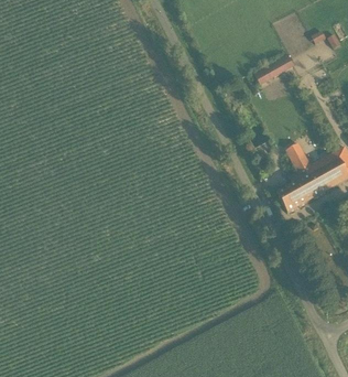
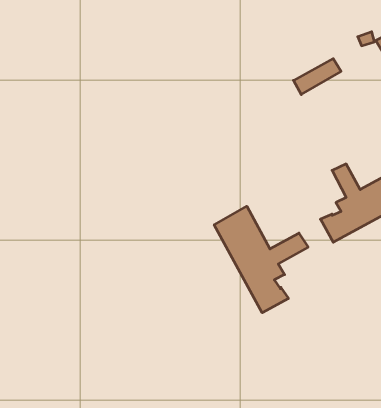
building: none -> [214,206,308,313]

